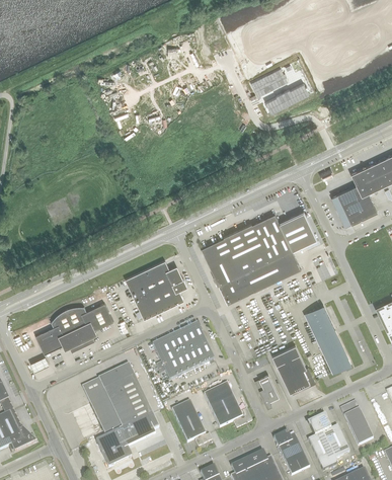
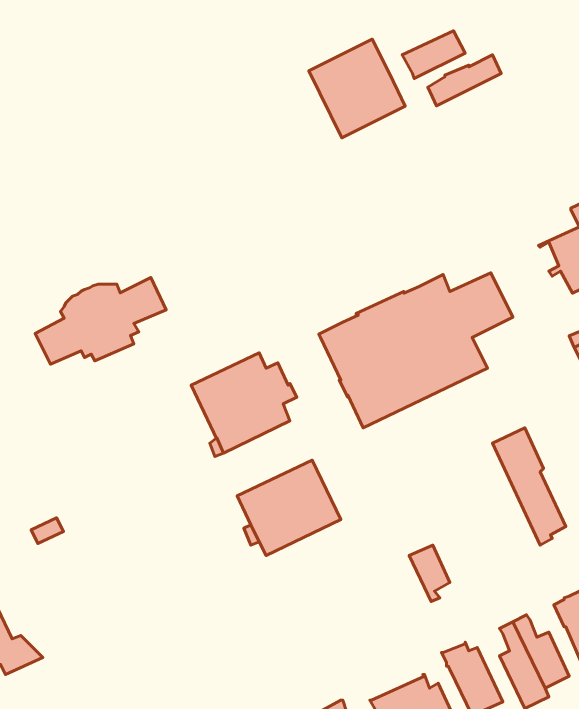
building: none -> [309,39,405,138]
building: [35,302,113,353] -> [35,277,166,364]
building: [272,344,316,392] -> none
building: [82,364,159,467] -> none
building: [204,383,252,427] -> none
building: [171,400,212,446] -> none

